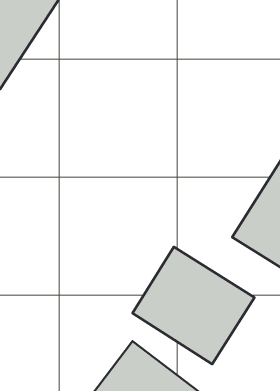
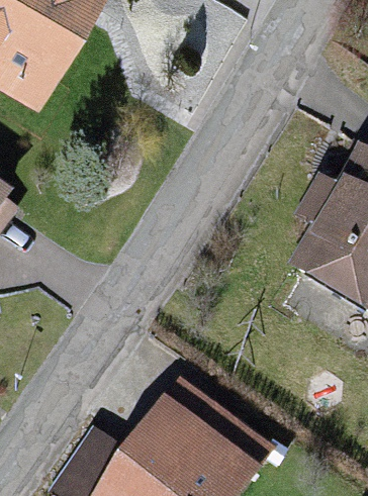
building: [133,247,254,364] -> none

